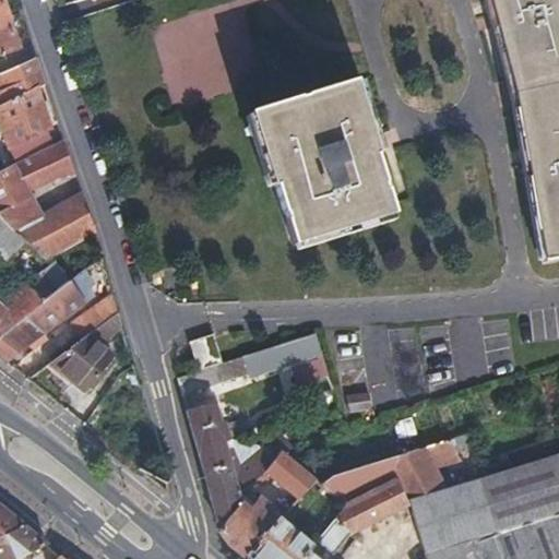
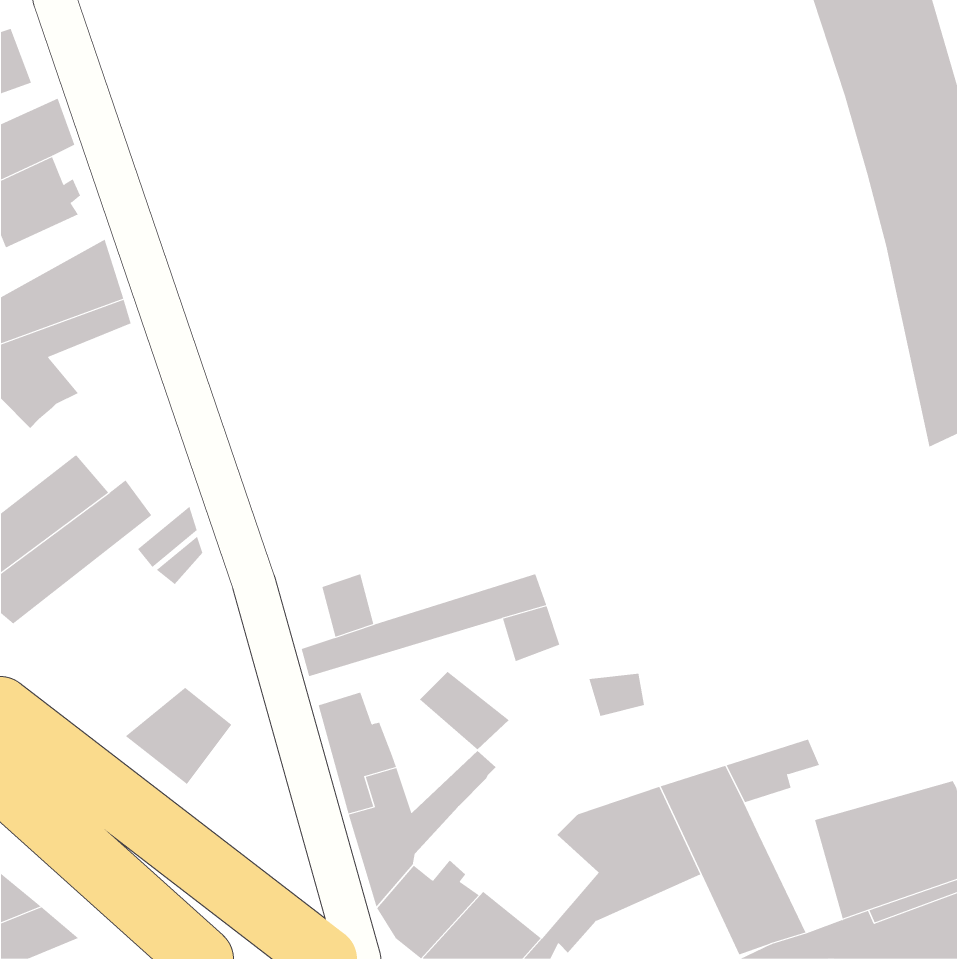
building: [255,84,400,247] -> none
building: [35,212,94,258] -> none
building: [52,335,115,392] -> [125,687,232,785]
building: [269,452,321,498] -> [419,671,510,750]
building: [443,476,491,542] -> none

